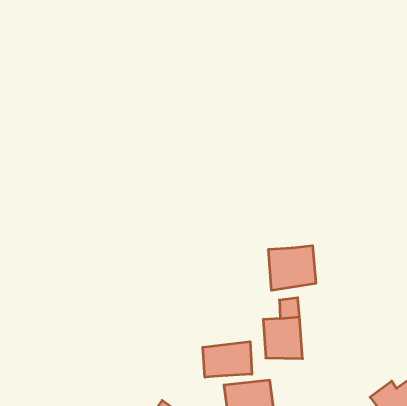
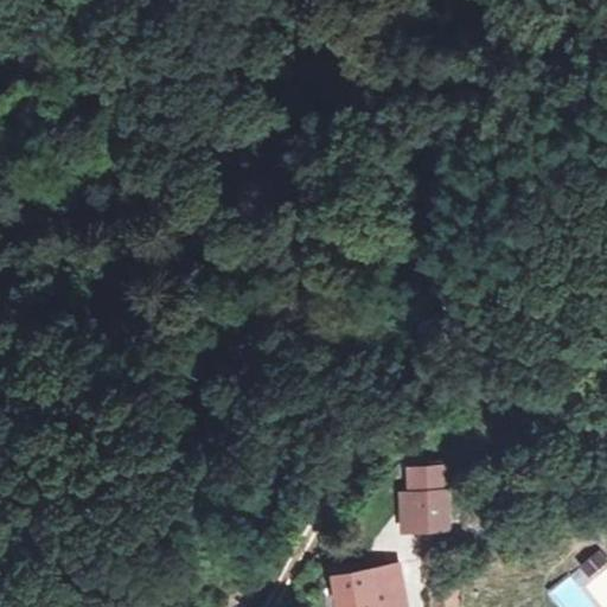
building: [269,246,316,290] -> none
building: [203,342,252,377] -> none

